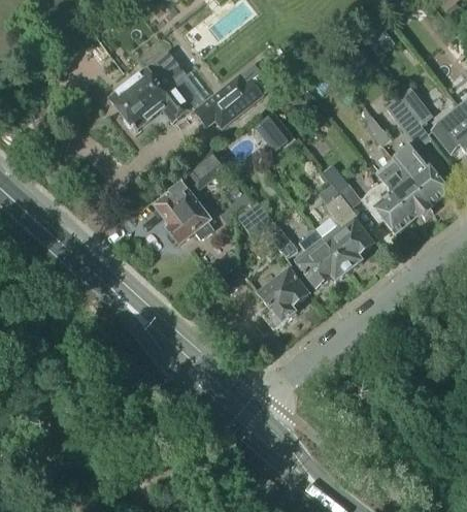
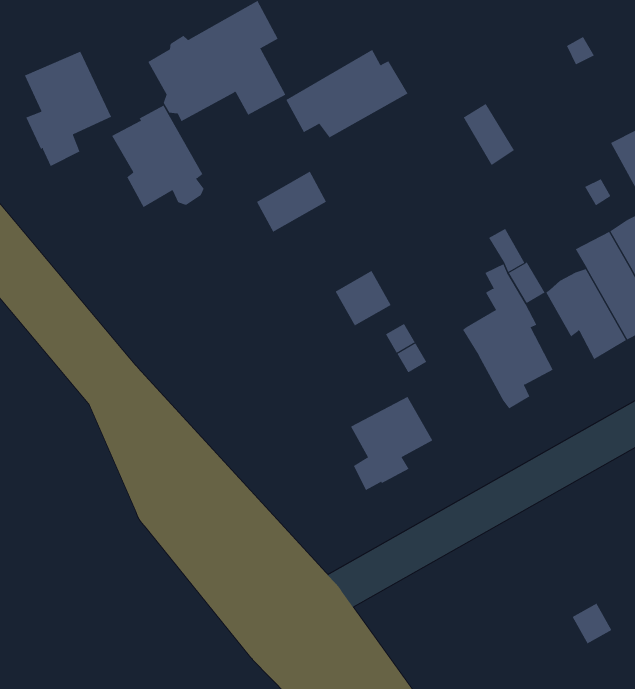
building: none -> [24,51,112,167]
building: [255,114,288,150] -> [463,103,515,166]
building: [154,181,212,243] -> [111,105,204,208]
building: [293,227,349,287] -> none

